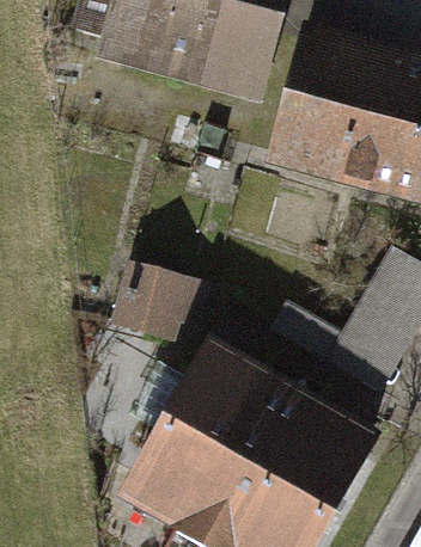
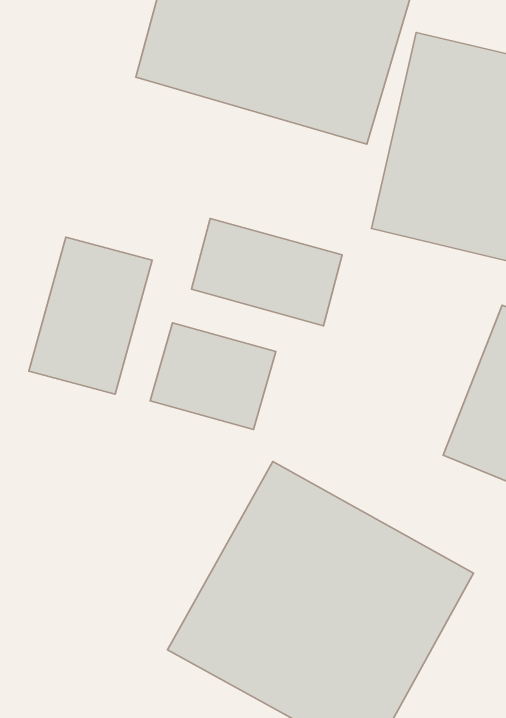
building: none -> [192,218,342,326]
building: none -> [29,237,152,394]

